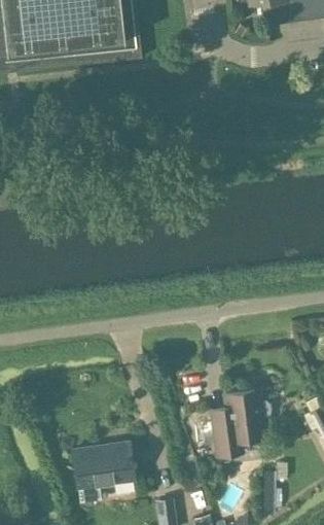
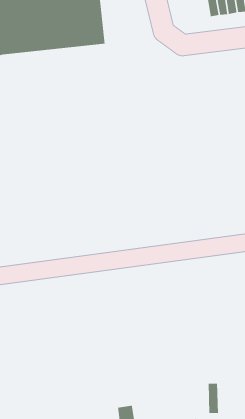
building: [211,387,268,453] -> none
building: [70,440,133,501] -> none

